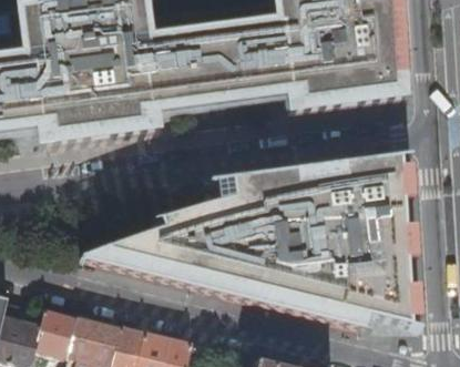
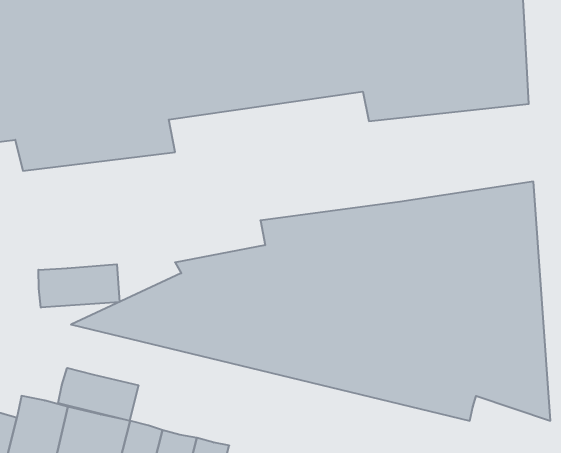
building: none -> [38,264,119,308]
building: none -> [58,368,138,421]

